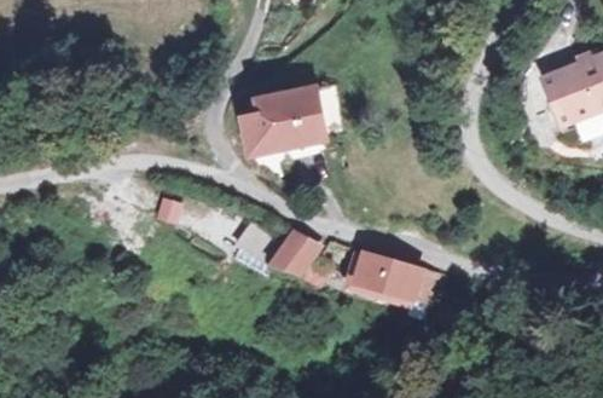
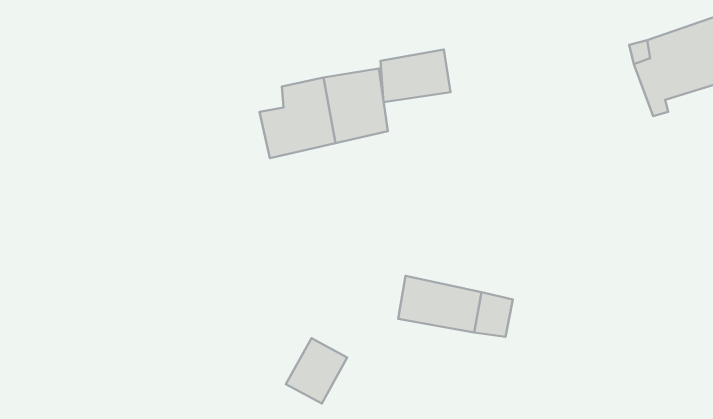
building: none -> [380,50,451,102]
building: [272,229,321,282] -> [286,338,347,404]

